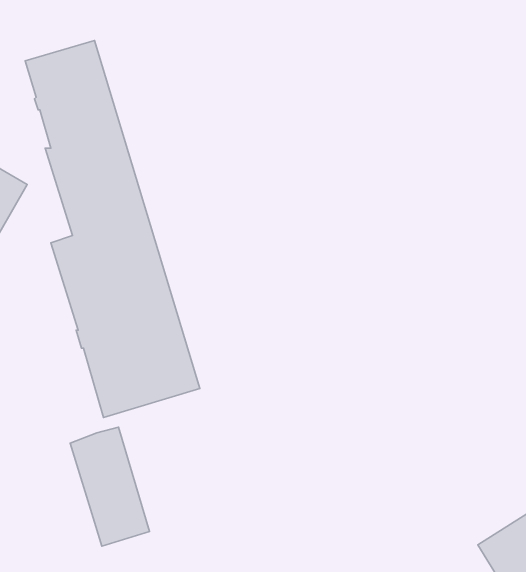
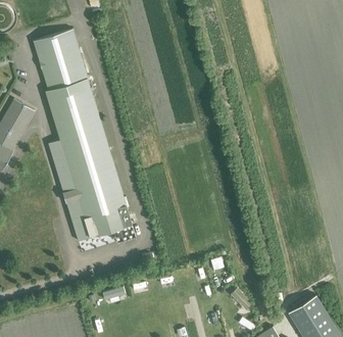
building: [70,427,149,546] -> none

